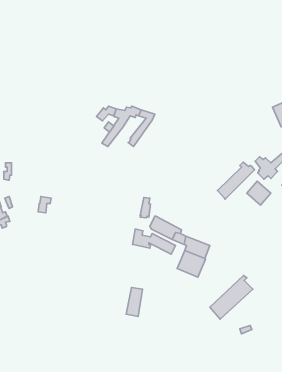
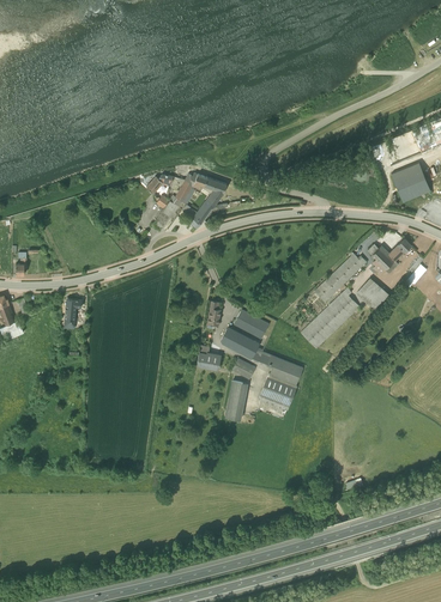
building: none -> [232,309,268,339]
building: [210,275,253,319] -> [300,288,360,349]
building: [126,287,143,317] -> [224,381,247,421]

